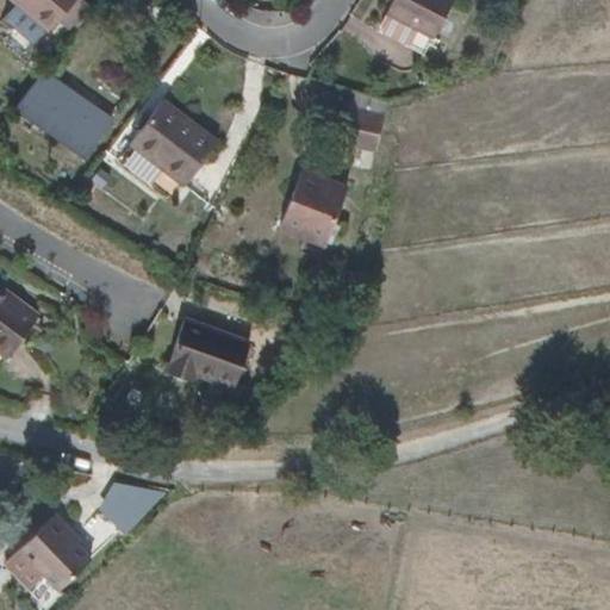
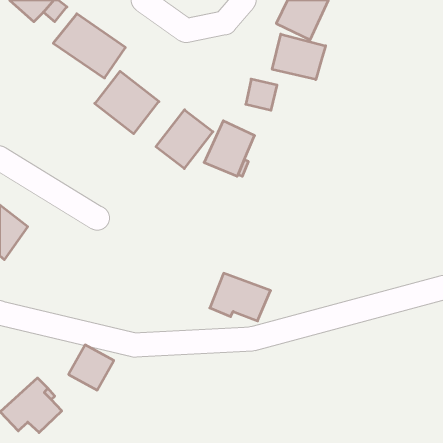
building: none -> [272,34,326,80]
building: [13,70,112,158] -> [53,14,125,78]
building: none -> [156,110,213,169]
building: [167,320,250,386] -> [210,273,271,321]

